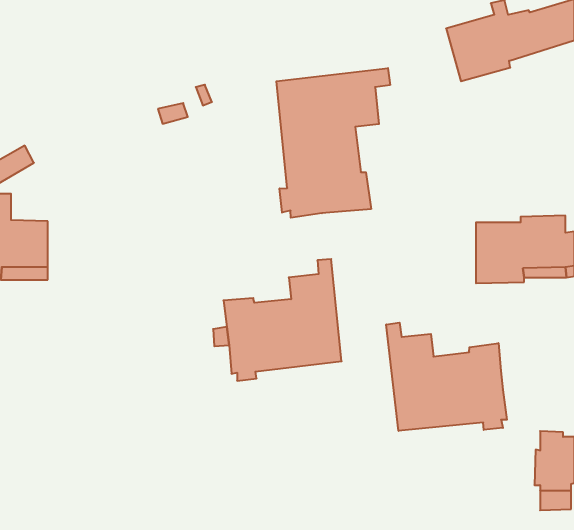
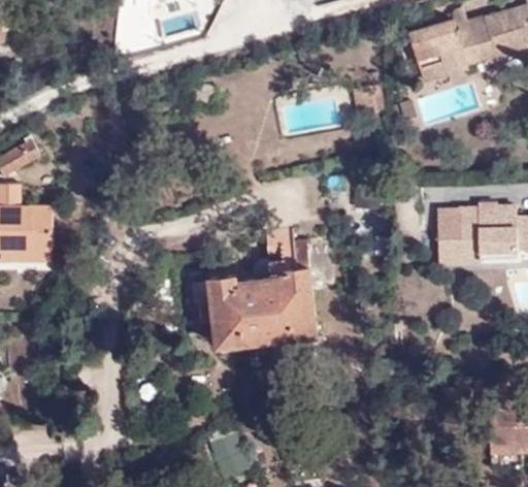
building: [276,68,390,218] -> none
building: [386,323,507,431] -> none

